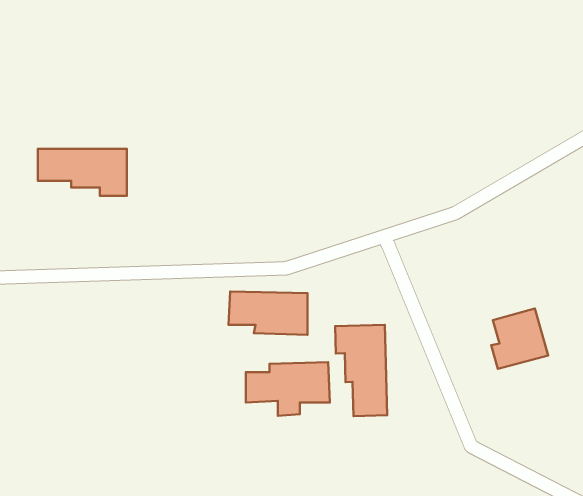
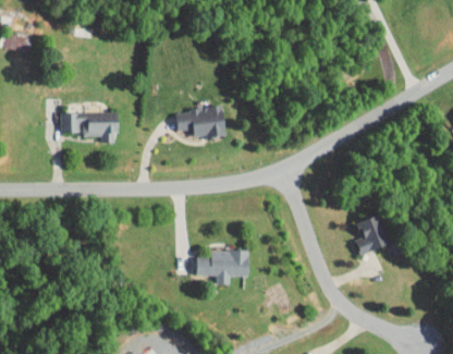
building: [229,291,308,335] -> [174,109,225,137]
building: [335,325,387,416] -> none

